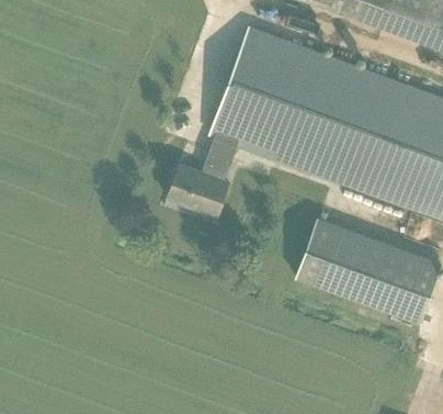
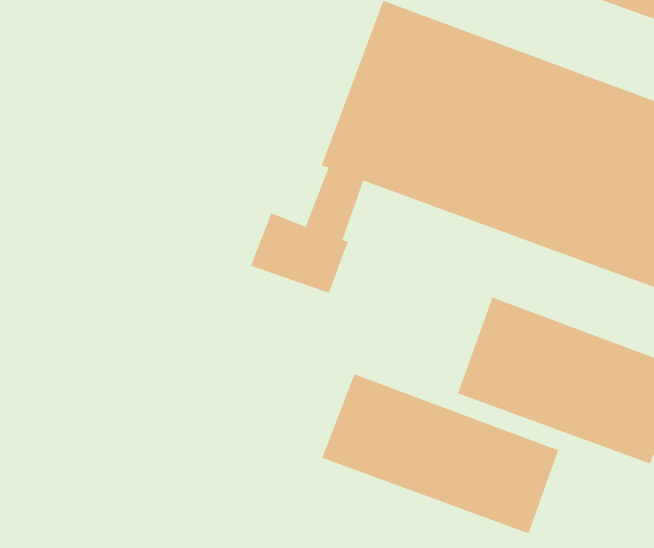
building: none -> [322,374,559,534]

